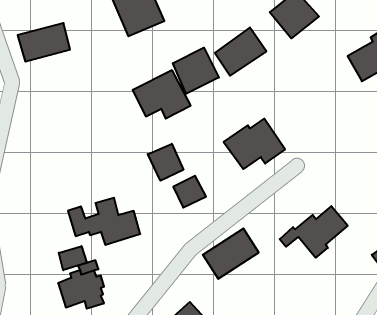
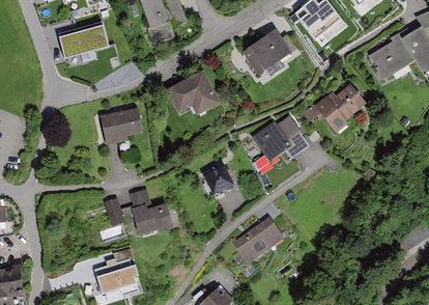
building: [173,48,219,94] -> none
building: none -> [99,105,143,142]
building: [148,144,183,181] -> none
building: [280,206,348,258] -> [302,82,366,131]
building: [59,246,87,270] -> none

